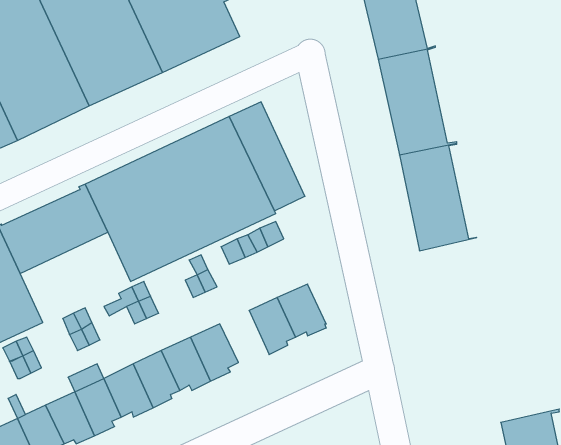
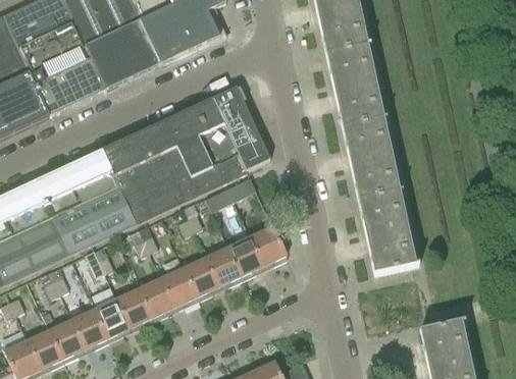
building: none -> [53,186,138,256]
building: none -> [359,191,419,275]
building: none -> [206,247,244,286]

